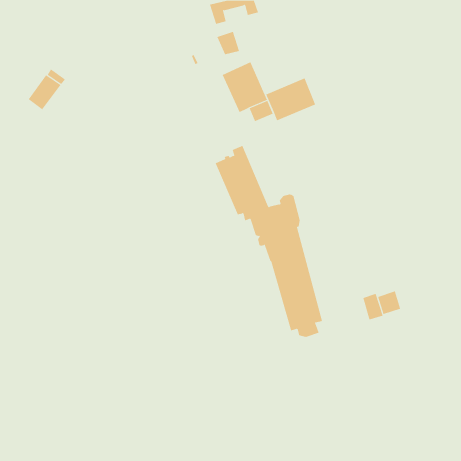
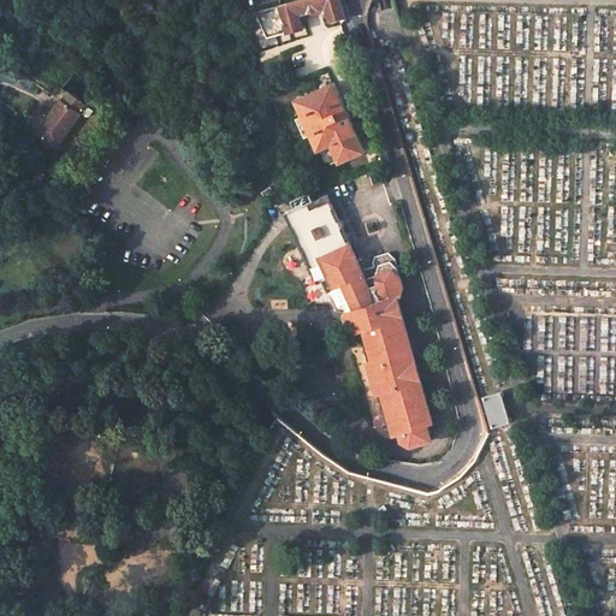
building: [216,31,240,55] -> [256,6,288,37]
building: [265,77,316,121] -> none
building: [377,291,401,315] -> none

